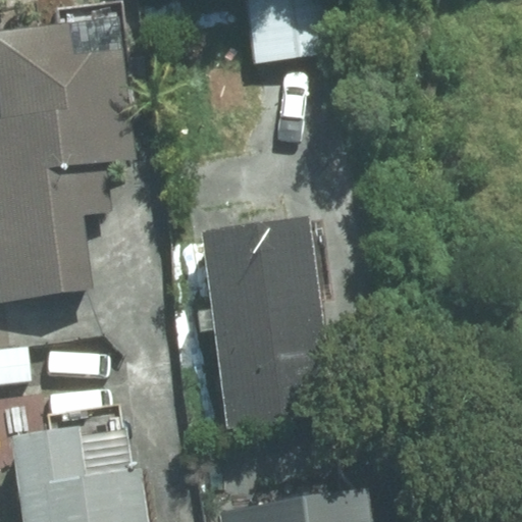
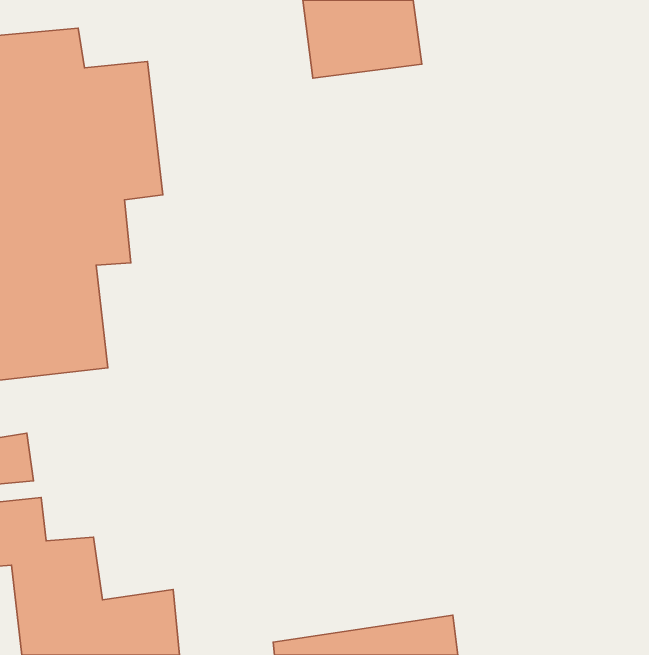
building: [202,214,333,428] -> none

